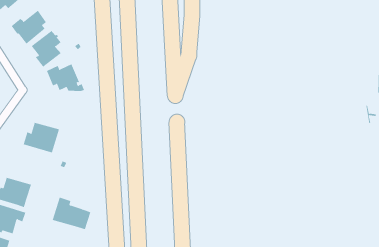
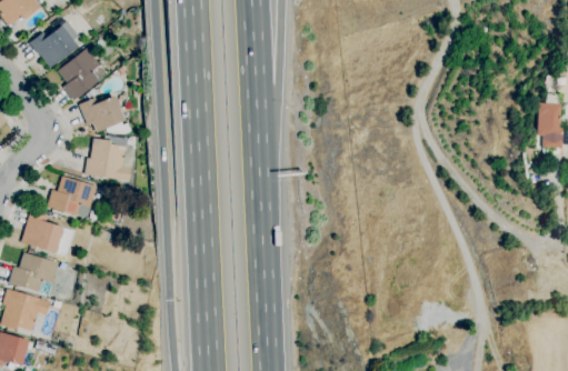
building: none -> [86,134,136,181]
building: [52,197,91,230] -> [21,210,76,255]

